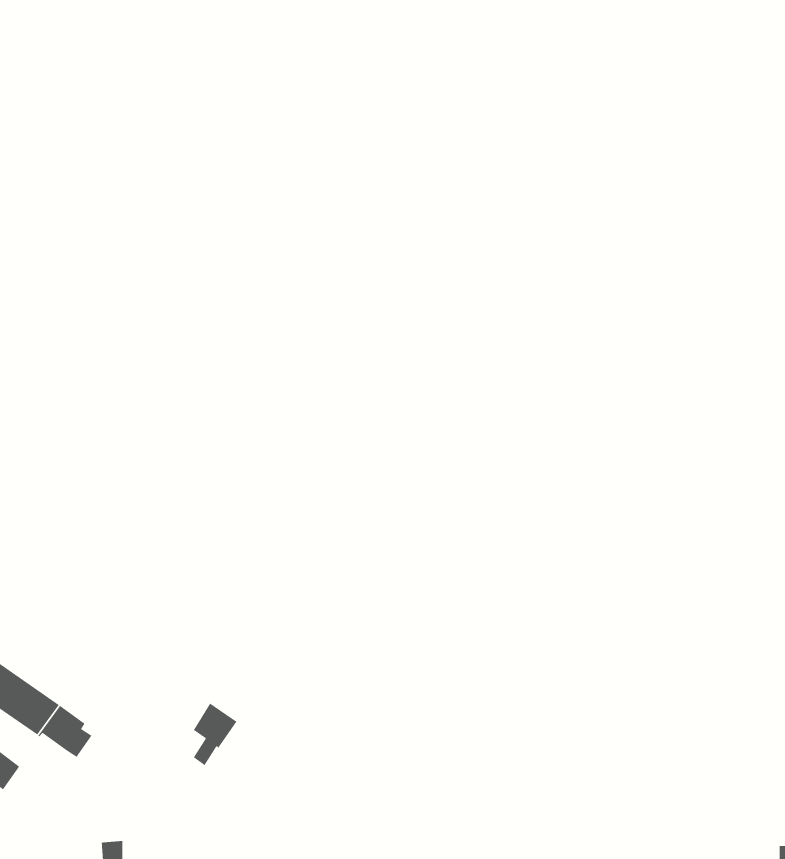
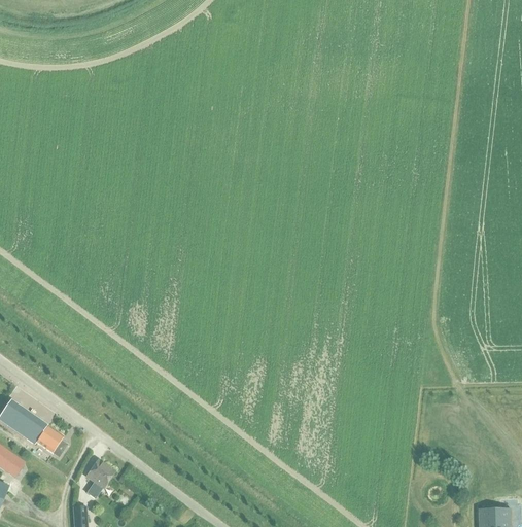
building: [193,703,237,766] -> [86,460,113,498]

